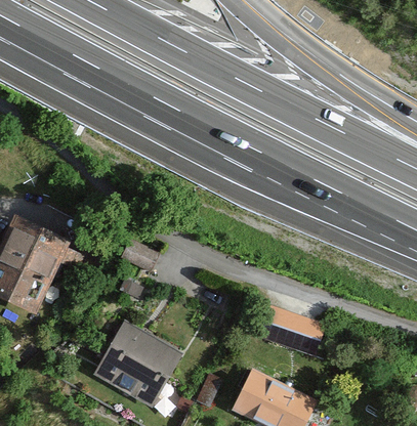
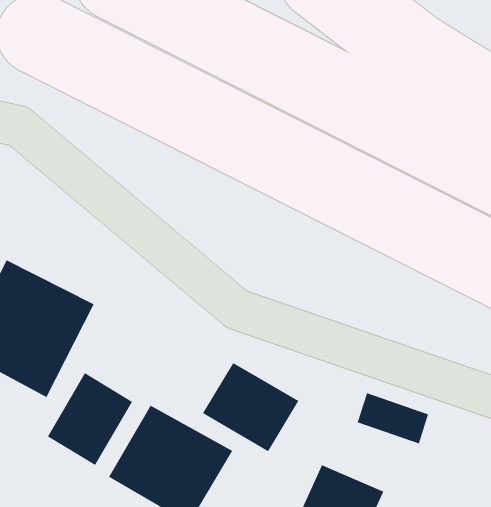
building: none -> [202,362,299,452]
building: none -> [47,372,133,466]

